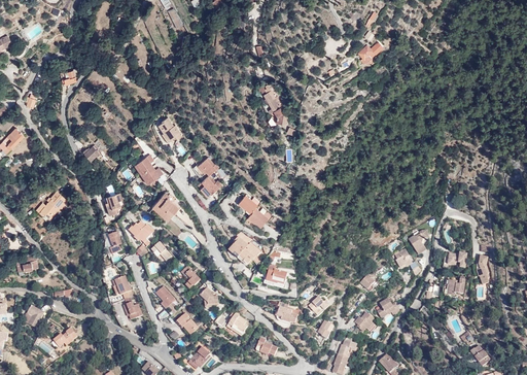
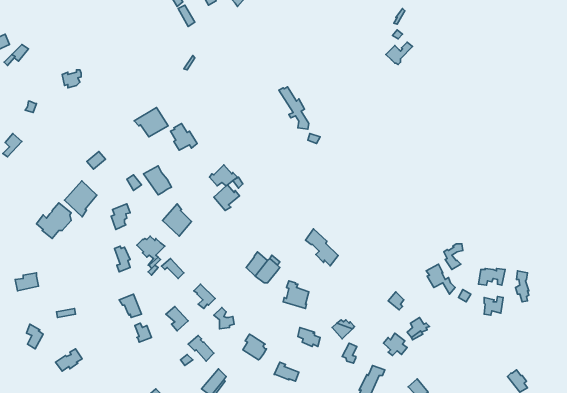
building: none -> [134,108,168,137]
building: none -> [65,181,97,217]
building: [238,194,268,228] -> [306,229,338,266]

